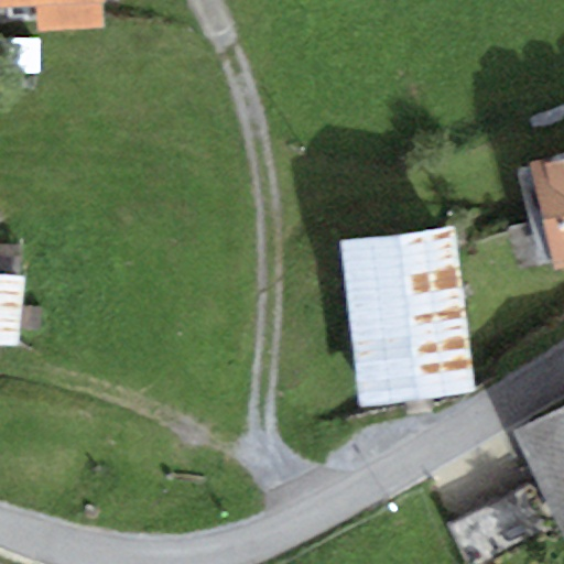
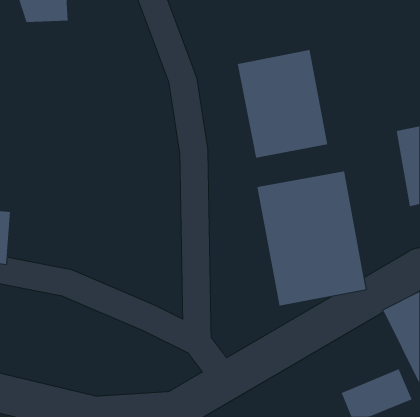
building: none -> [237,49,328,158]

